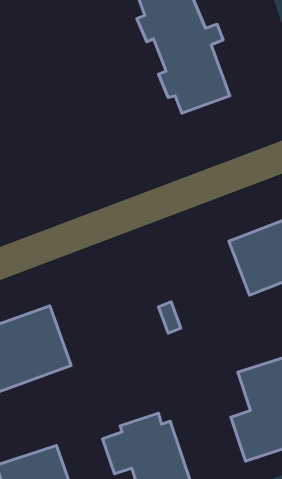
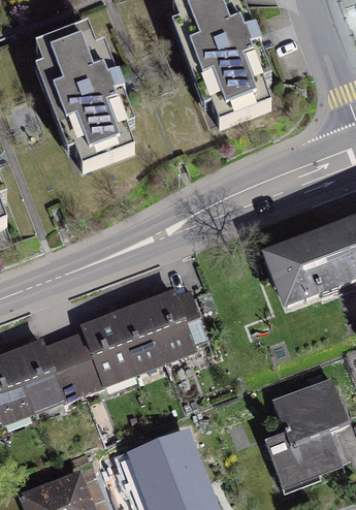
building: none -> [33,23,131,165]
building: none -> [76,284,202,387]

